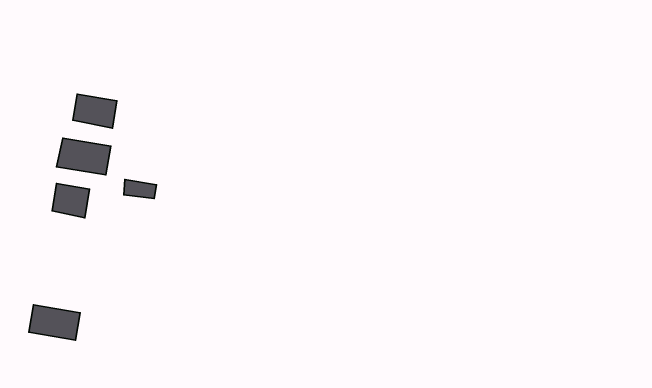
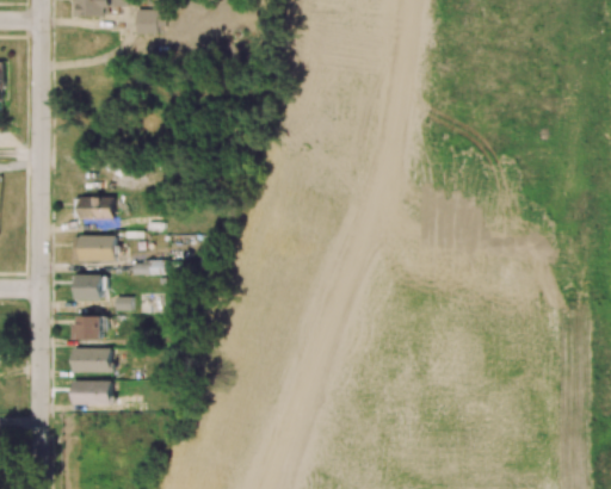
building: none -> [74,316,103,340]
building: none -> [72,348,112,373]

